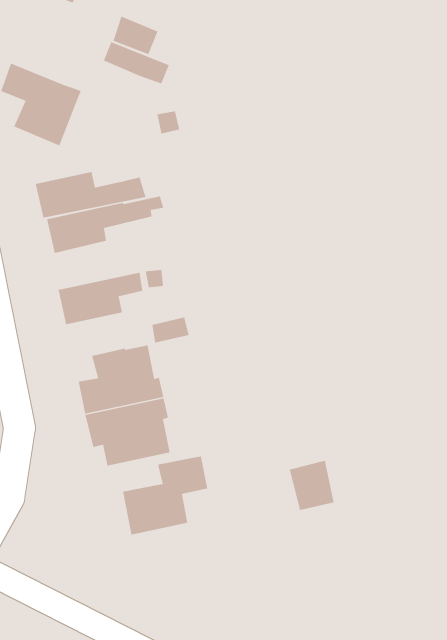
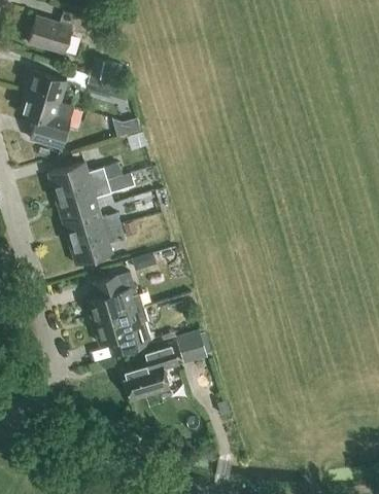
building: none -> [26,72,80,107]
building: none -> [65,208,123,242]
building: [289,460,334,511] -> [176,330,208,365]

